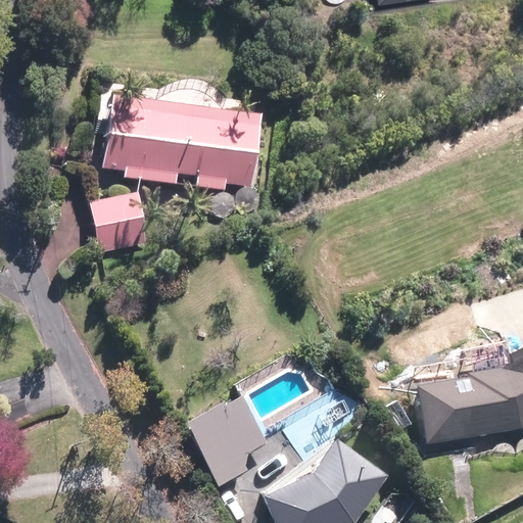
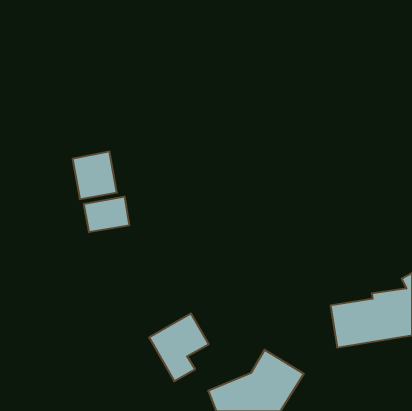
building: [104,103,262,189] -> none
building: none -> [84,197,129,232]

